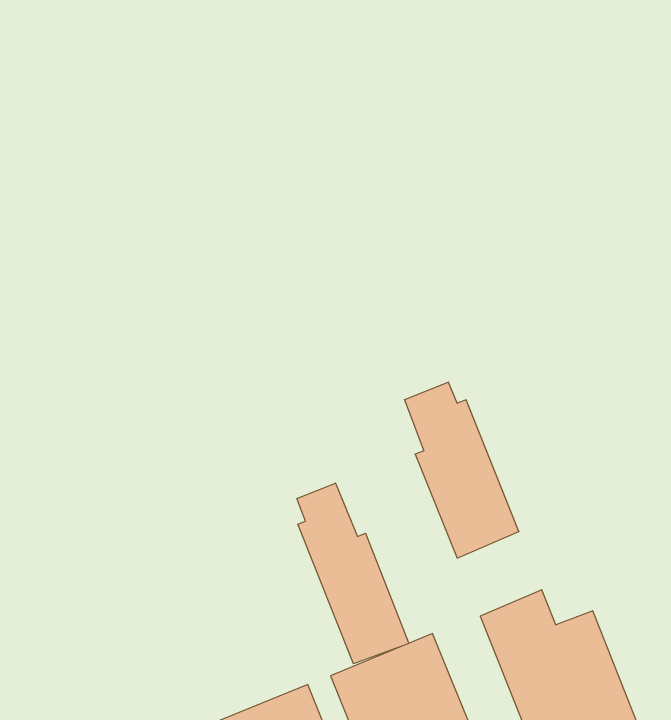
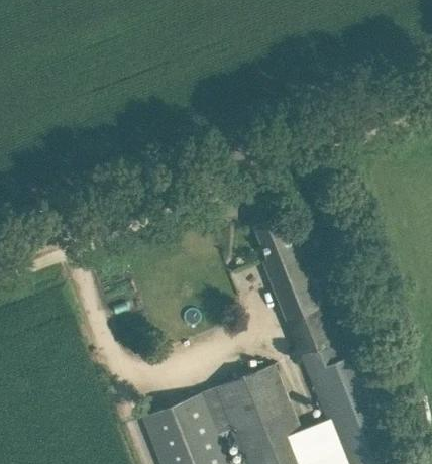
building: [297,483,409,664] -> none
building: none -> [287,307,335,355]

